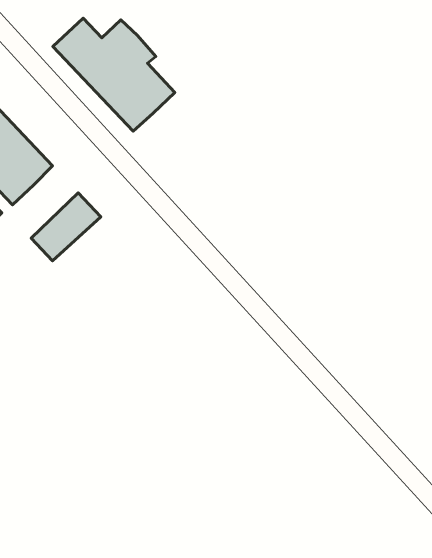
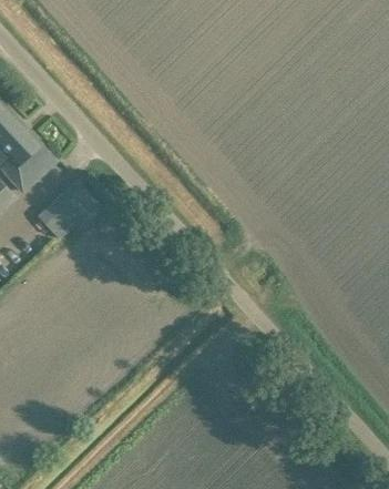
building: [53,18,175,131] -> none

